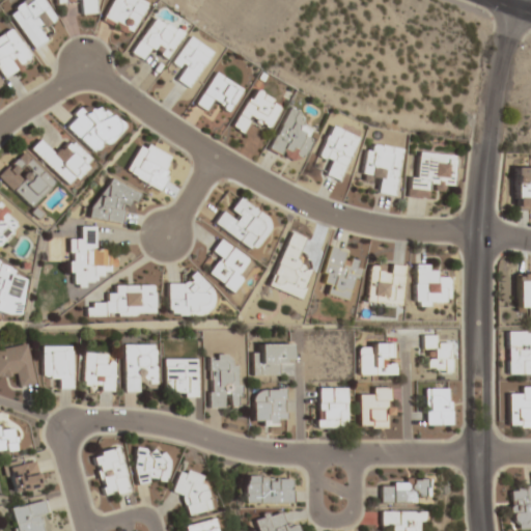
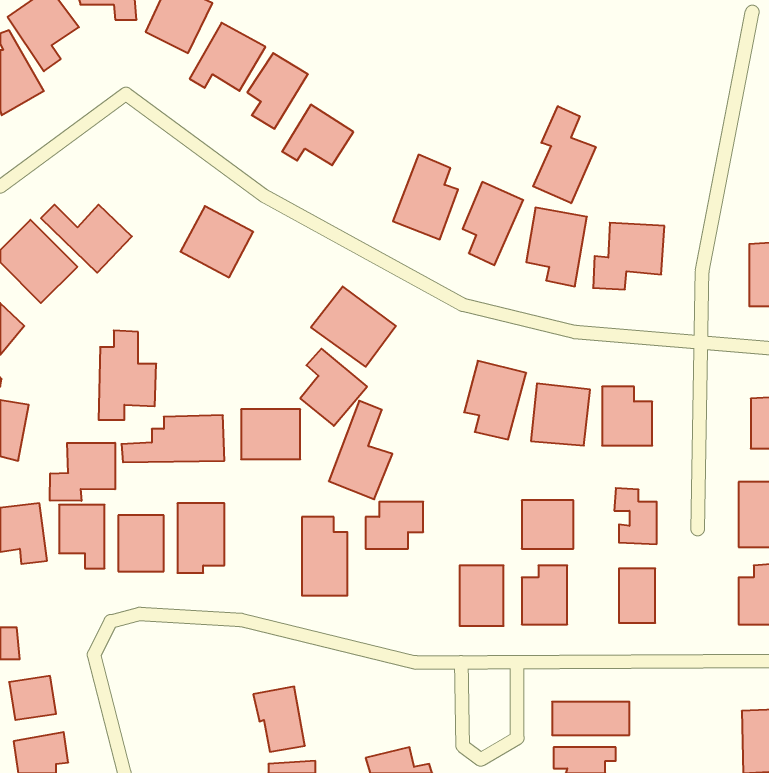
building: none -> [533,106,596,203]
building: [234,87,285,133] -> none
building: [65,104,124,156] -> none
building: [92,176,140,228] -> none
building: [272,231,315,299] -> [329,401,392,499]
building: none -> [50,443,115,501]
building: [167,359,199,396] -> none
building: [255,389,287,425] -> none
building: [93,446,134,498] -> none
building: [136,449,171,482] -> none
building: [247,476,294,503] -> none

